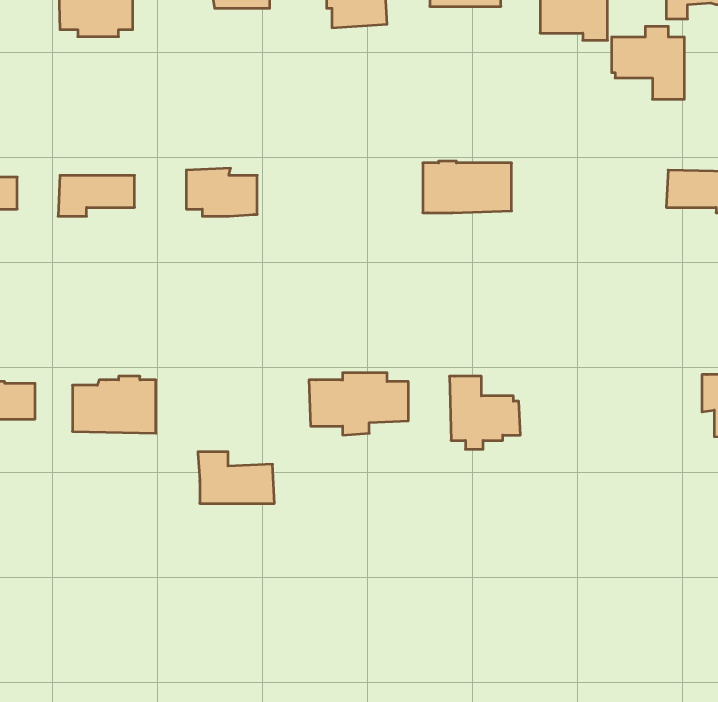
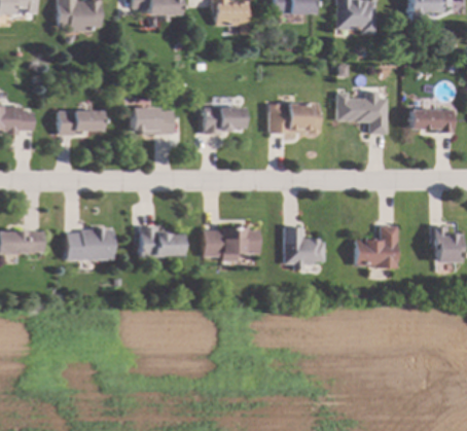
building: [612,26,684,99] -> [346,92,388,134]
building: none -> [204,108,244,134]
building: none -> [355,225,398,268]
building: [198,452,274,503] -> [139,226,183,256]

